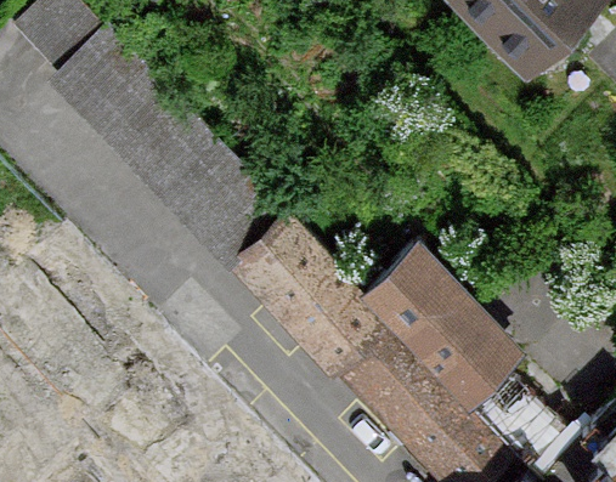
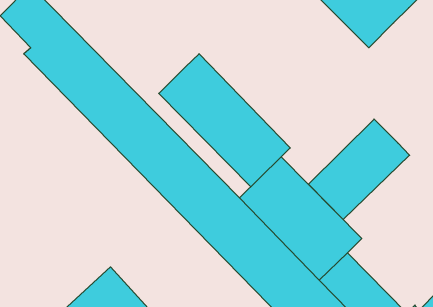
building: none -> [159,54,290,187]
building: none -> [309,119,410,220]

